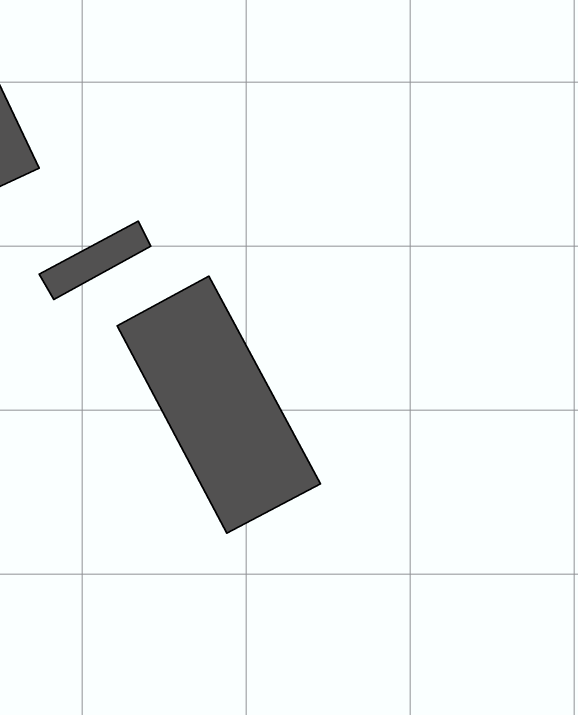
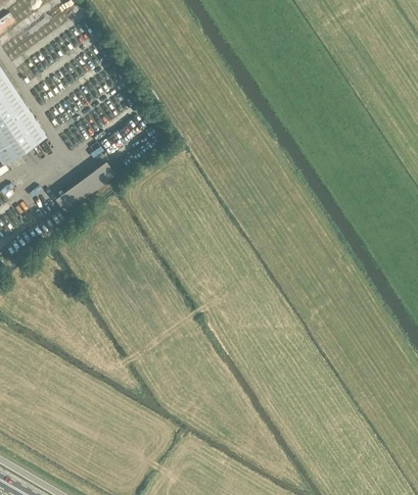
building: [117,276,320,533] -> none

